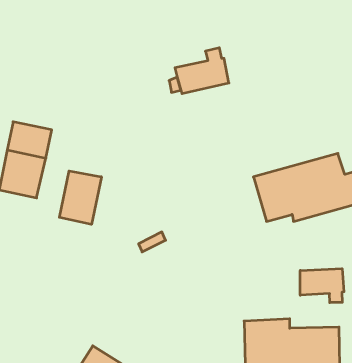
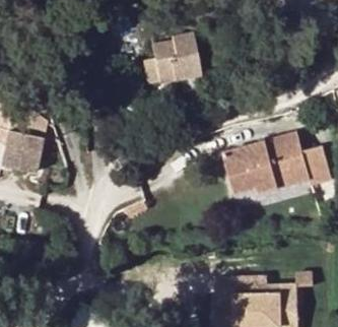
building: [59,171,101,224] -> none
building: [300,269,344,303] -> none

